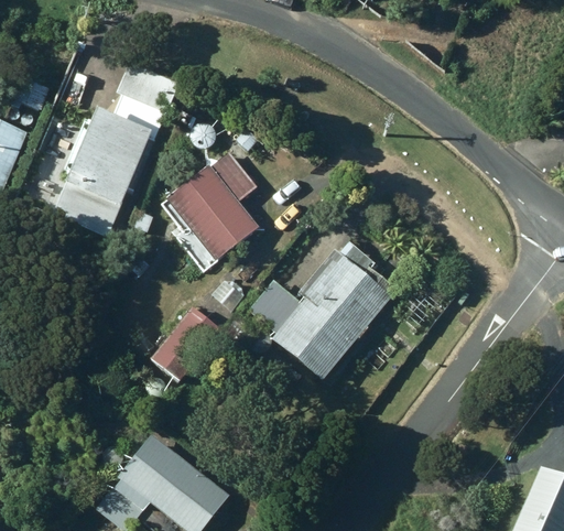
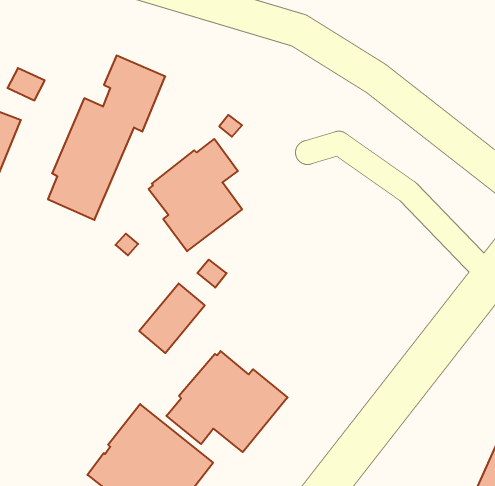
building: [249,245,399,378] -> none
building: none -> [166,351,288,452]

